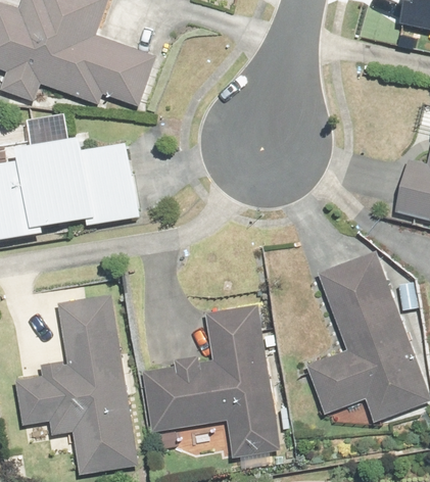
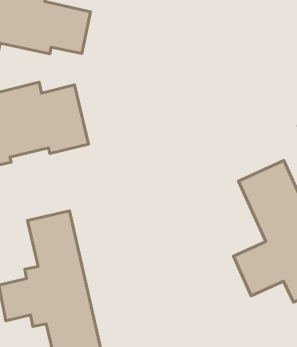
building: [143,302,279,457] -> none

